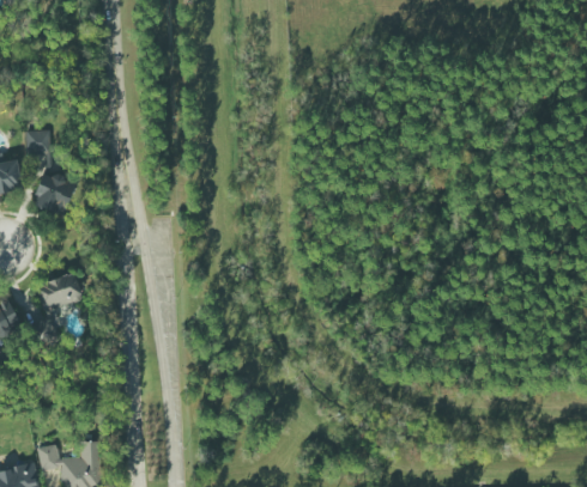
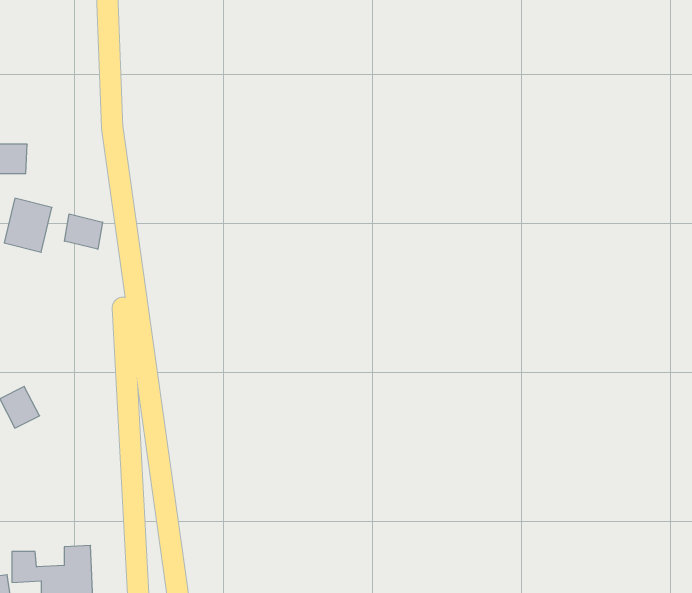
building: none -> [64,214,103,249]
building: [35,273,81,312] -> none

